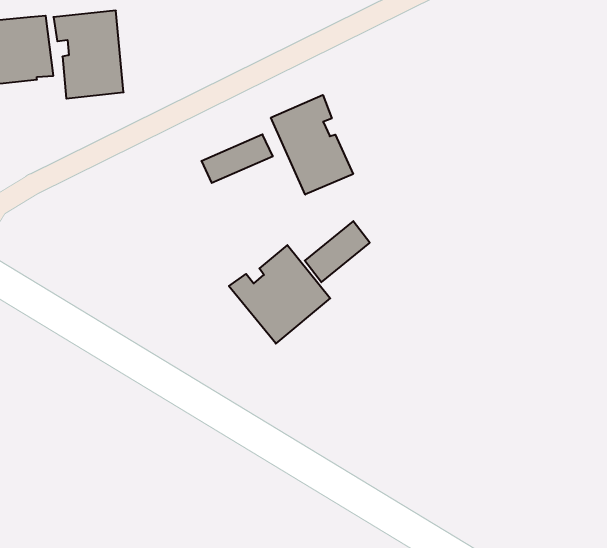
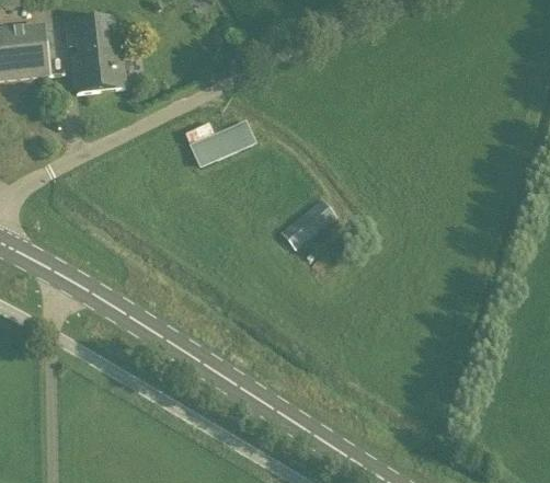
building: [271,95,353,195] -> none
building: [229,245,330,344] -> none

